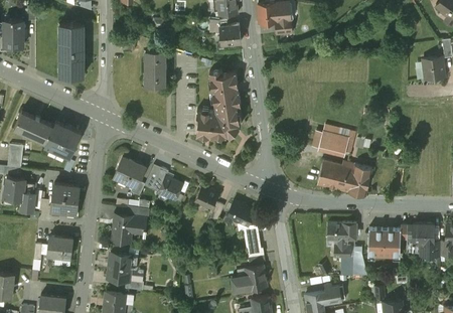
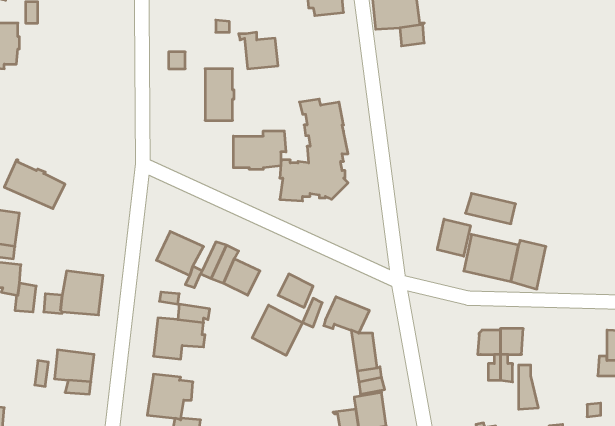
building: [214,20,241,44] -> [239,32,278,69]
building: [58,24,83,75] -> none
building: none -> [233,131,286,169]
building: [44,121,83,159] -> none
building: none -> [437,219,470,256]
building: none -> [252,305,303,355]
building: [367,227,400,257] -> none

